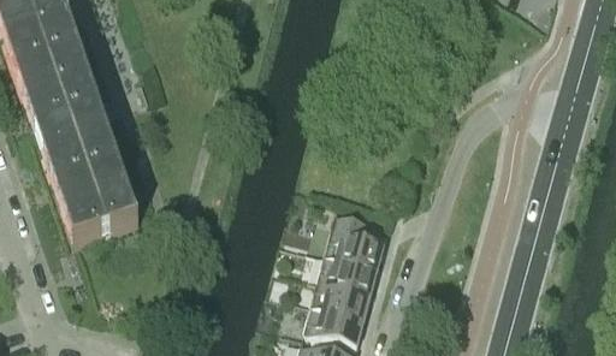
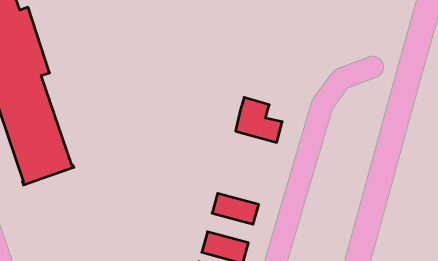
building: [324,214,384,272] -> [236,97,282,142]
building: [310,283,369,321] -> none

